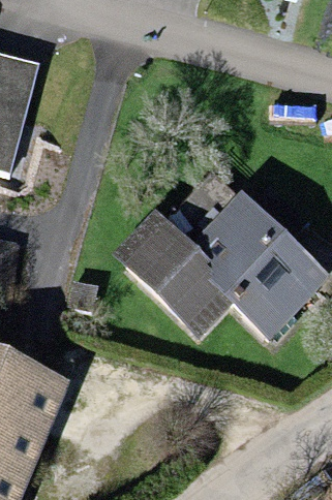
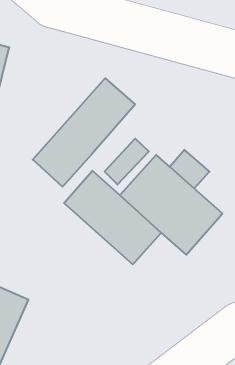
building: none -> [33,78,135,187]

